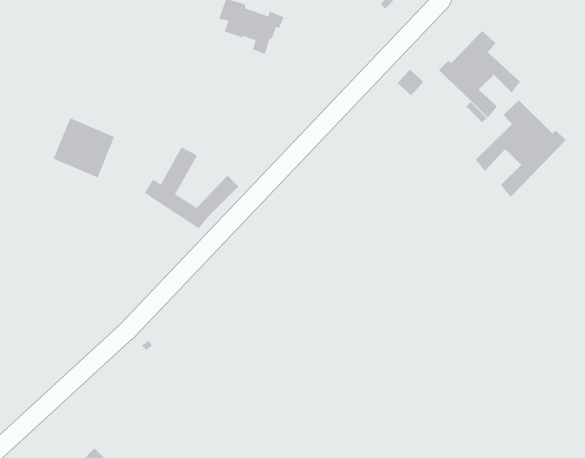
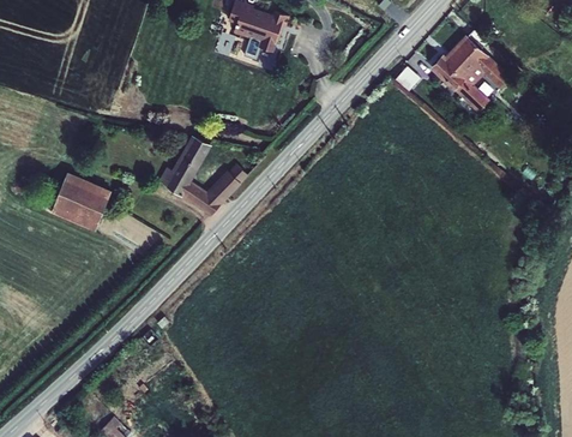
building: [475,99,567,197] -> none
building: [53,117,115,178] -> [52,173,109,229]

